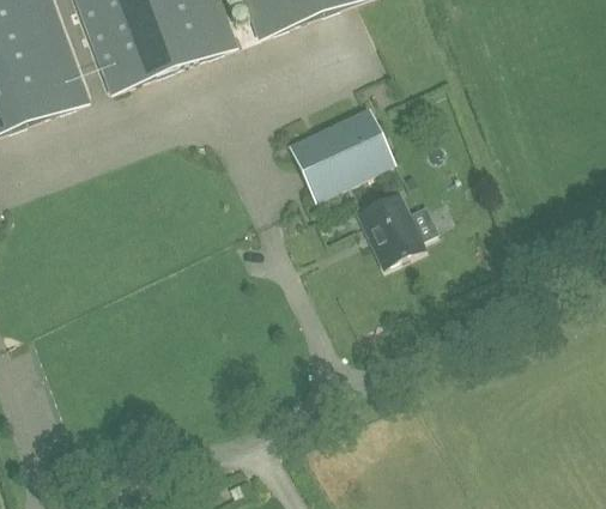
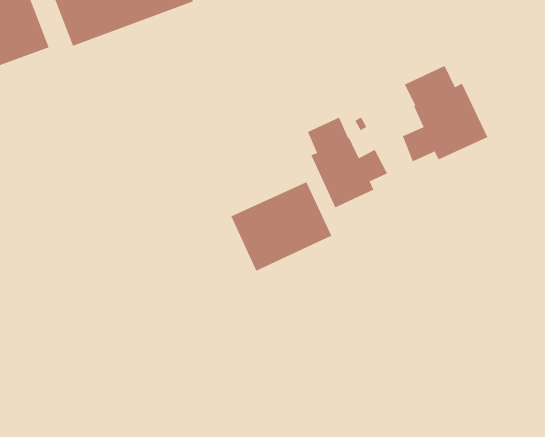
building: [287,103,393,196] -> [230,181,332,272]
building: none -> [402,65,488,162]

